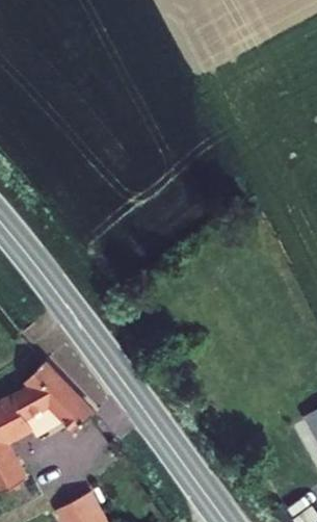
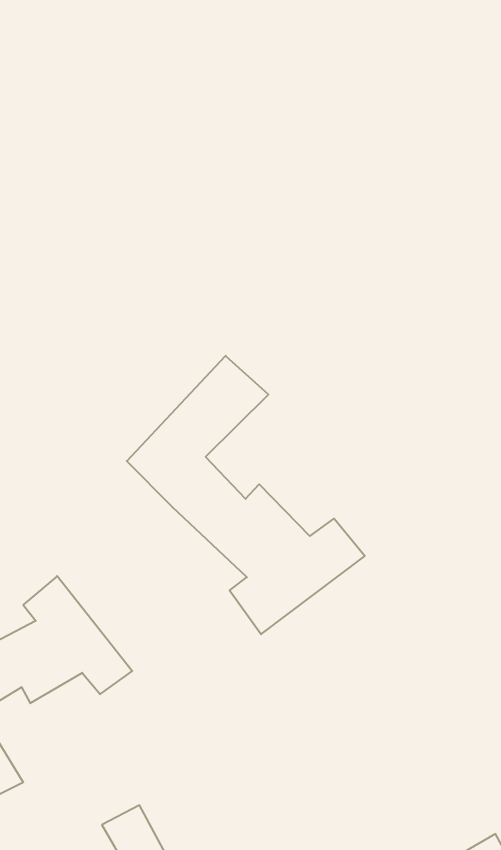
building: none -> [127,356,365,634]

